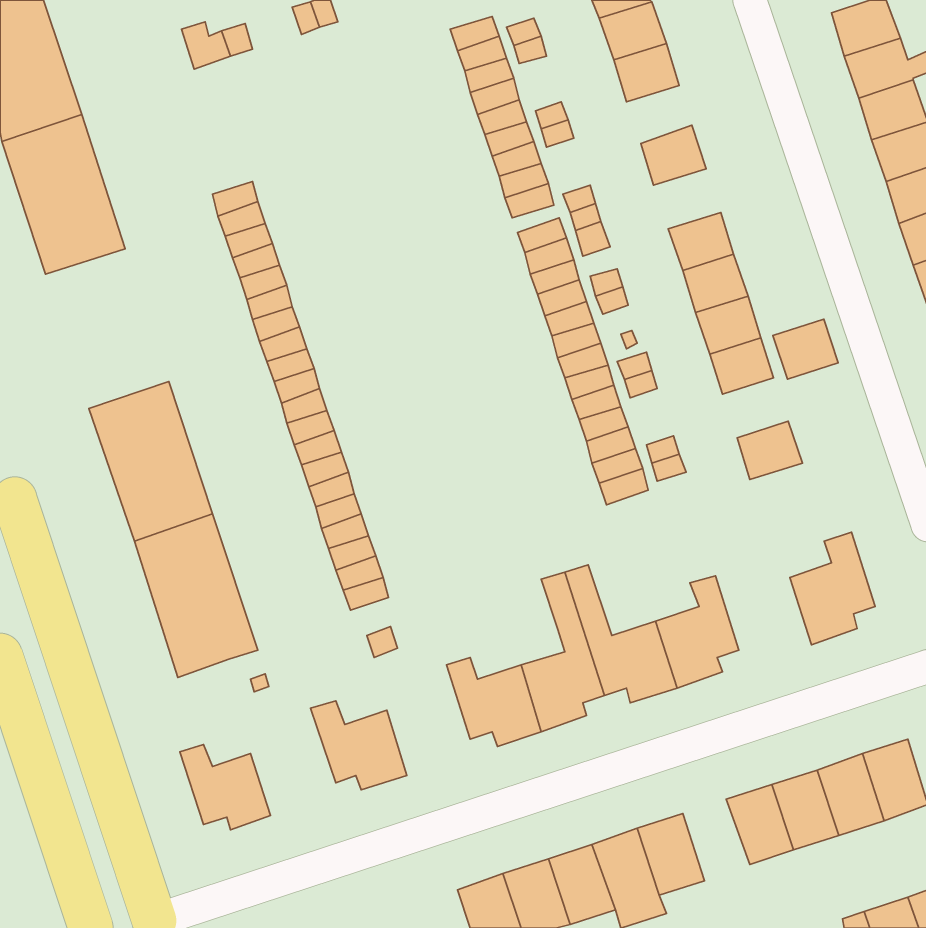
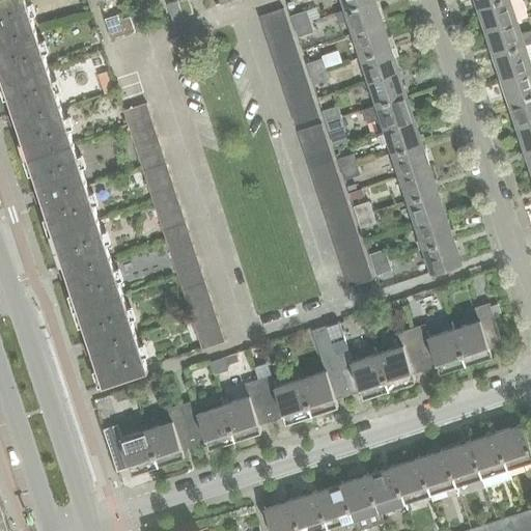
building: none -> [359,49,396,82]
building: none -> [359,96,413,131]
building: none -> [27,142,97,233]
building: [773,319,838,379] -> [414,216,451,250]
building: none -> [410,325,465,376]
building: none -> [222,380,270,443]
building: none -> [144,404,193,466]
building: none -> [391,456,429,503]

